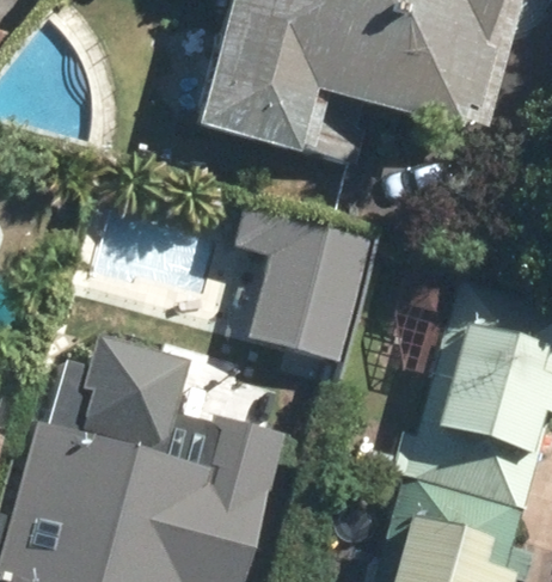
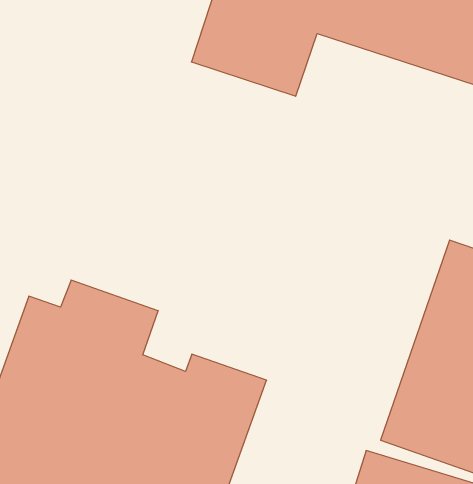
building: [233,215,369,367] -> none

